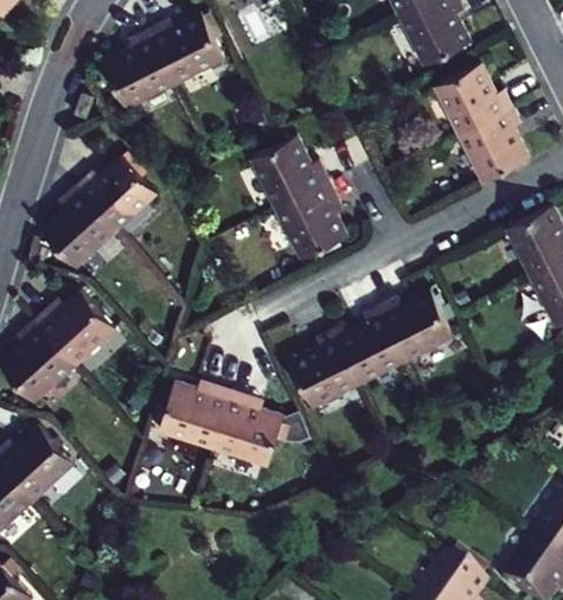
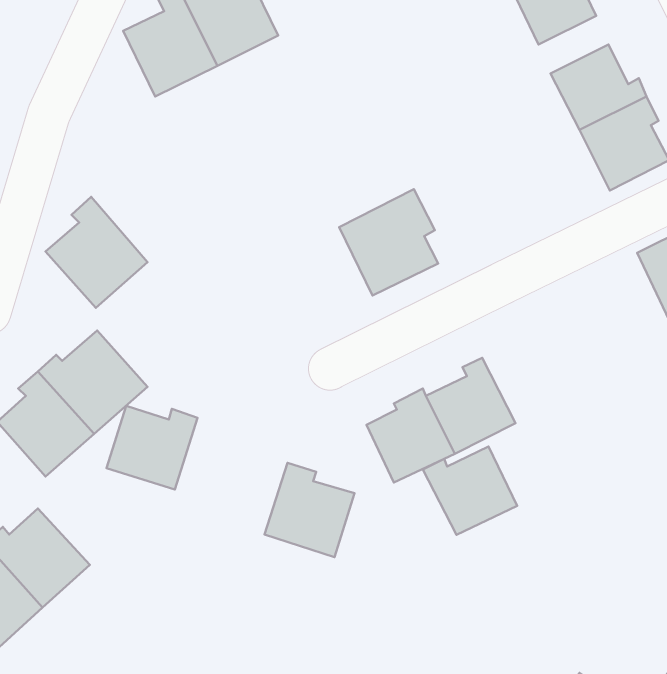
building: [248,136,330,208] -> none
building: [78,157,161,235] -> none
building: [383,292,456,360] -> [423,447,517,535]
building: [160,382,231,447] -> [106,406,198,489]

